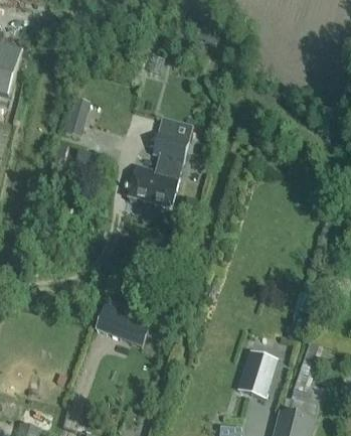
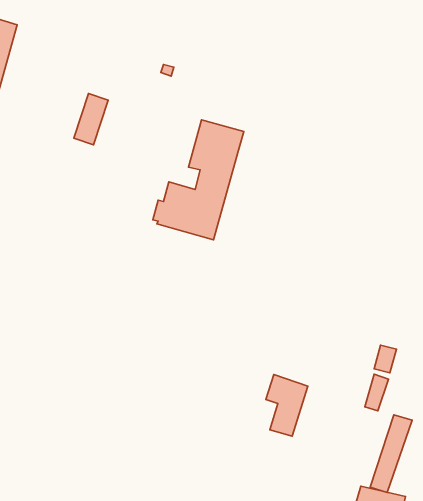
building: [97,309,151,346] -> none
building: [244,350,277,398] -> [266,374,308,436]

